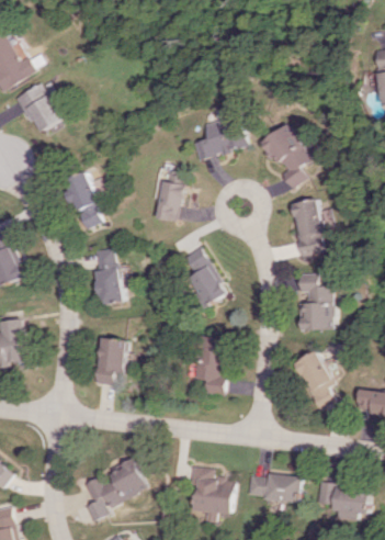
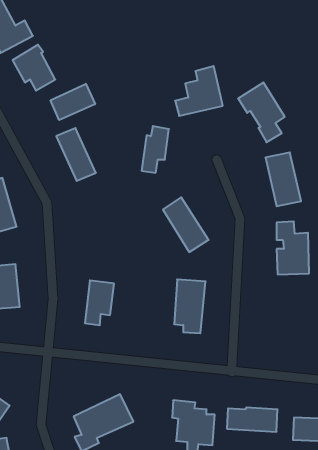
building: none -> [51,84,95,120]
building: [91,248,121,305] -> none
building: [293,350,336,410] -> none

